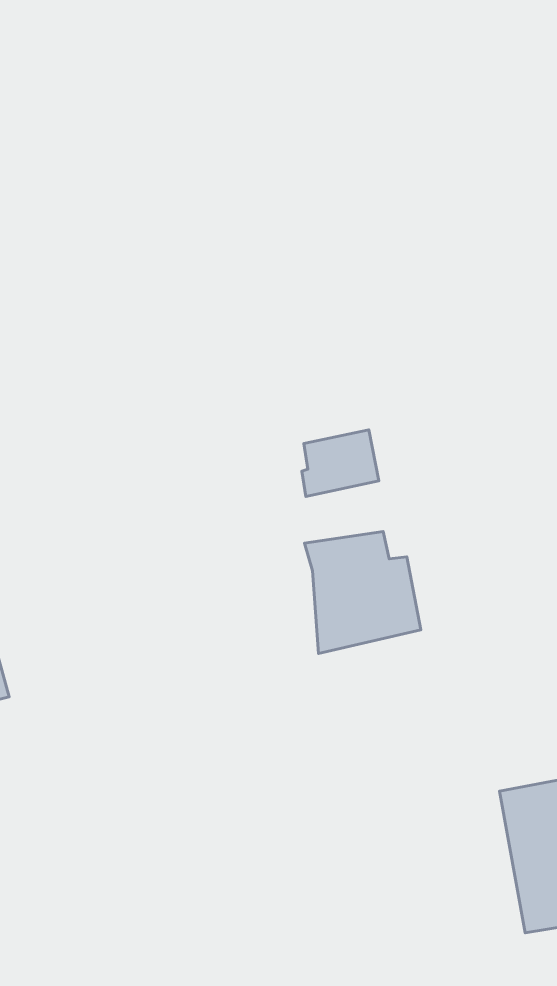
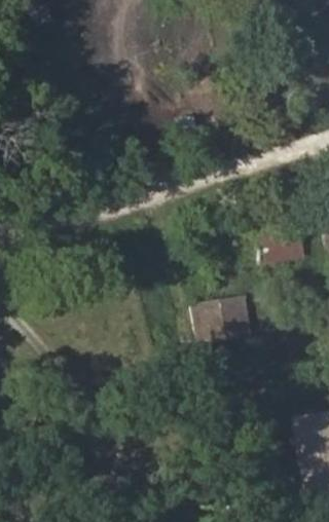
building: [302,430,379,497] -> [262,228,302,263]

